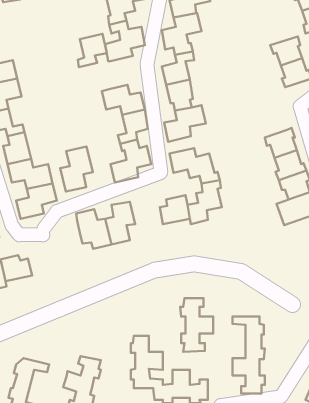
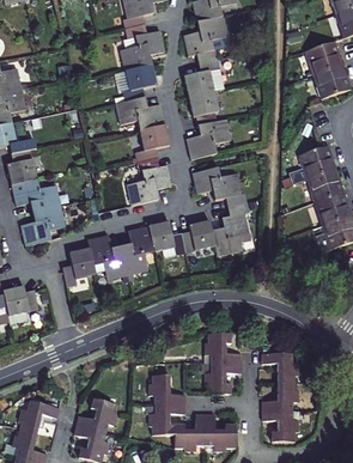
building: [78,34,107,67] -> [123,63,156,100]
building: [60,147,93,192] -> none
building: none -> [147,221,184,254]
building: none -> [61,248,95,286]

